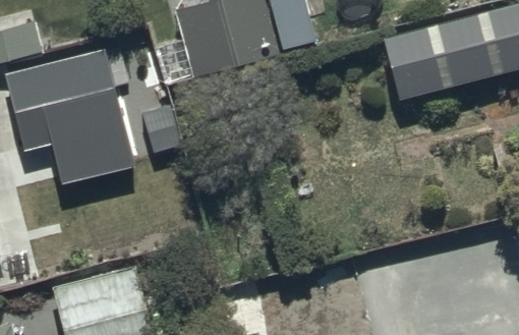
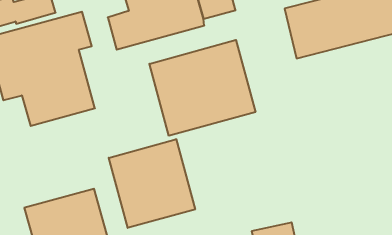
building: none -> [149,40,255,136]
building: none -> [109,139,195,228]

